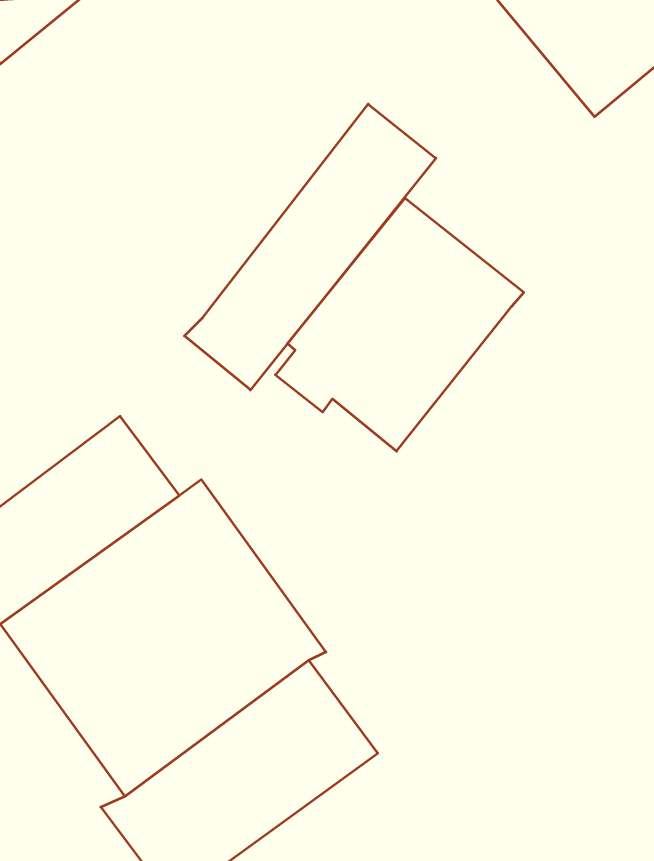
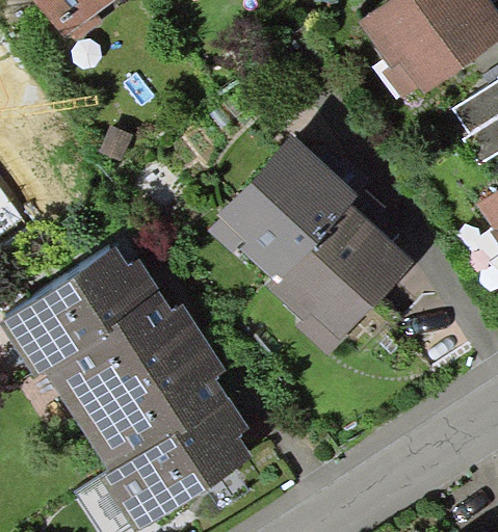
building: [184,104,436,390] -> none
building: none -> [272,201,417,354]

